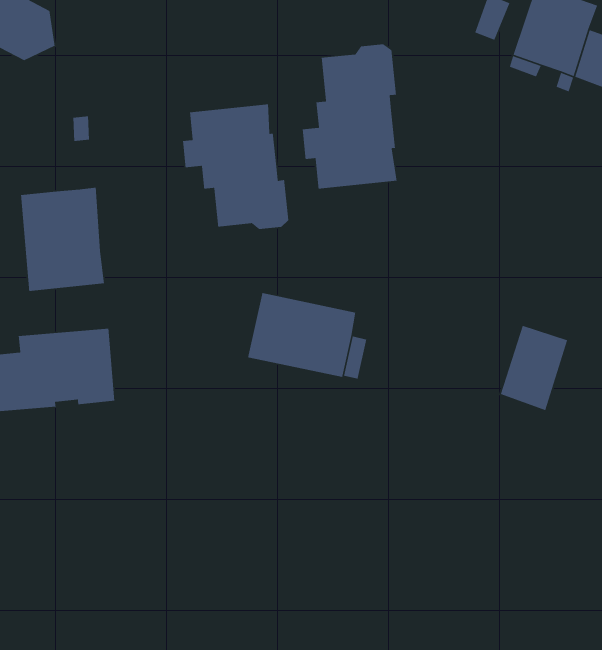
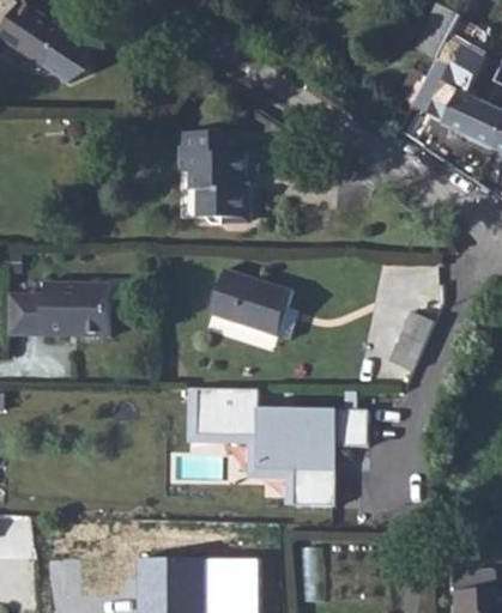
building: [302,44,398,190] -> none
building: [20,187,105,292] -> none
building: none -> [181,387,365,506]

